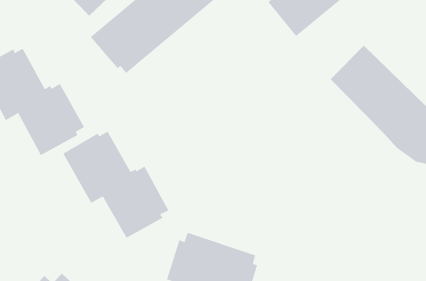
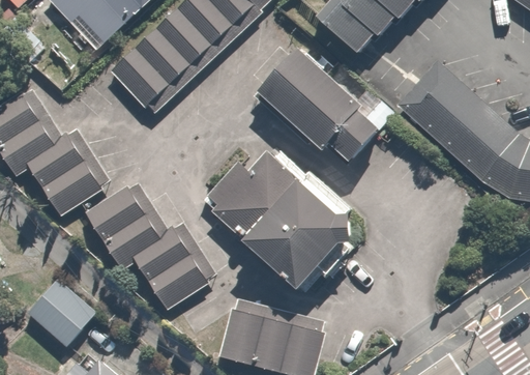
building: none -> [256,50,378,172]
building: none -> [206,150,350,290]
building: none -> [20,275,93,347]

